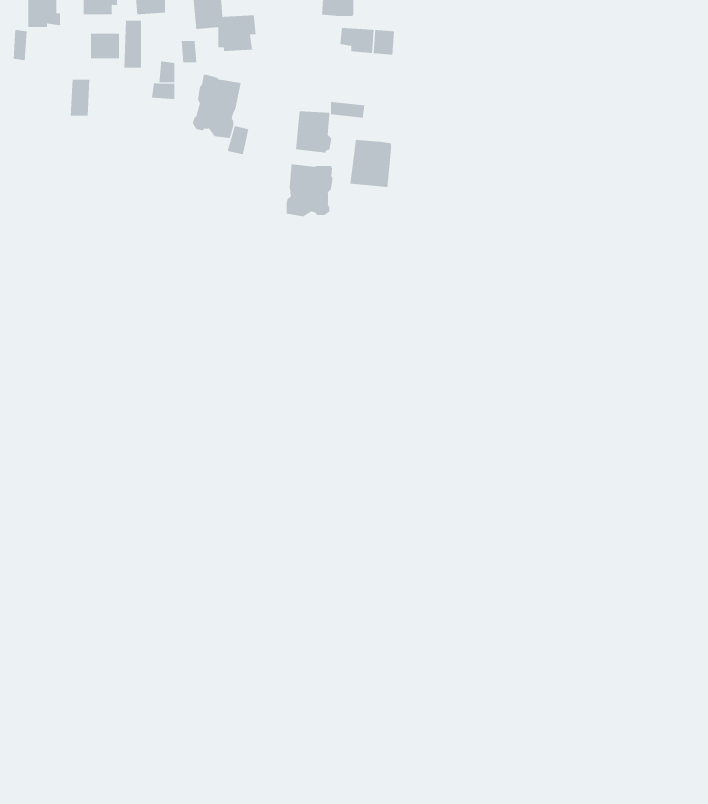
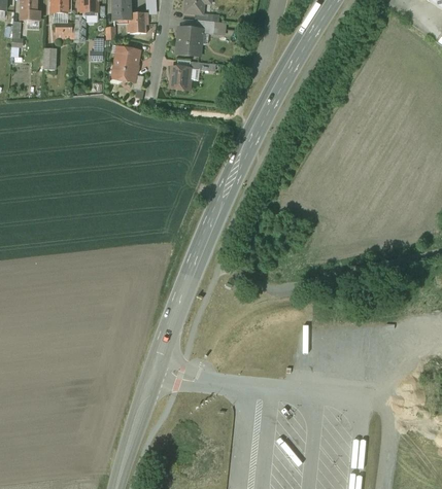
building: [350,140,392,188] -> [176,28,200,55]
building: [286,163,333,217] -> none

